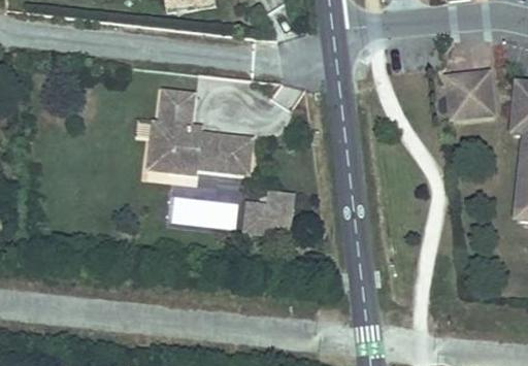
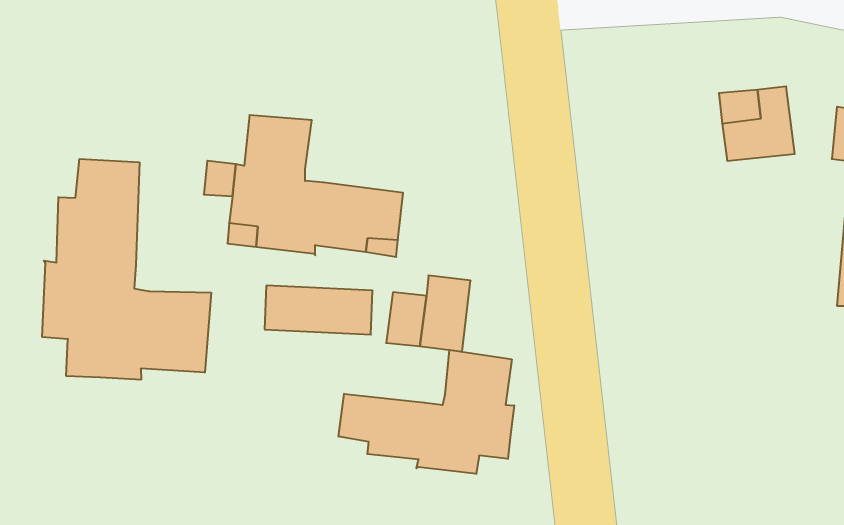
building: none -> [42,159,211,380]
building: none -> [339,350,514,474]

